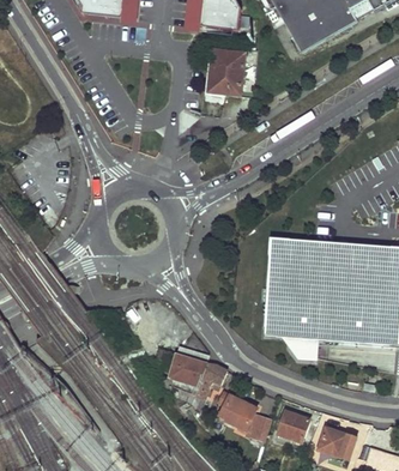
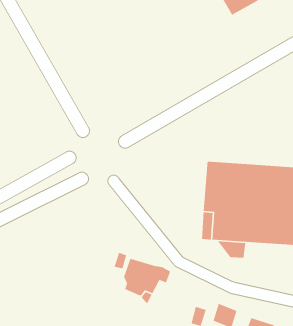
building: [210,50,244,95] -> none
building: [219,392,256,431] -> none

